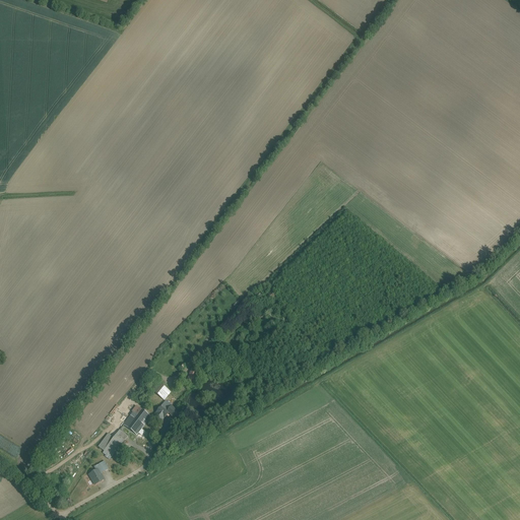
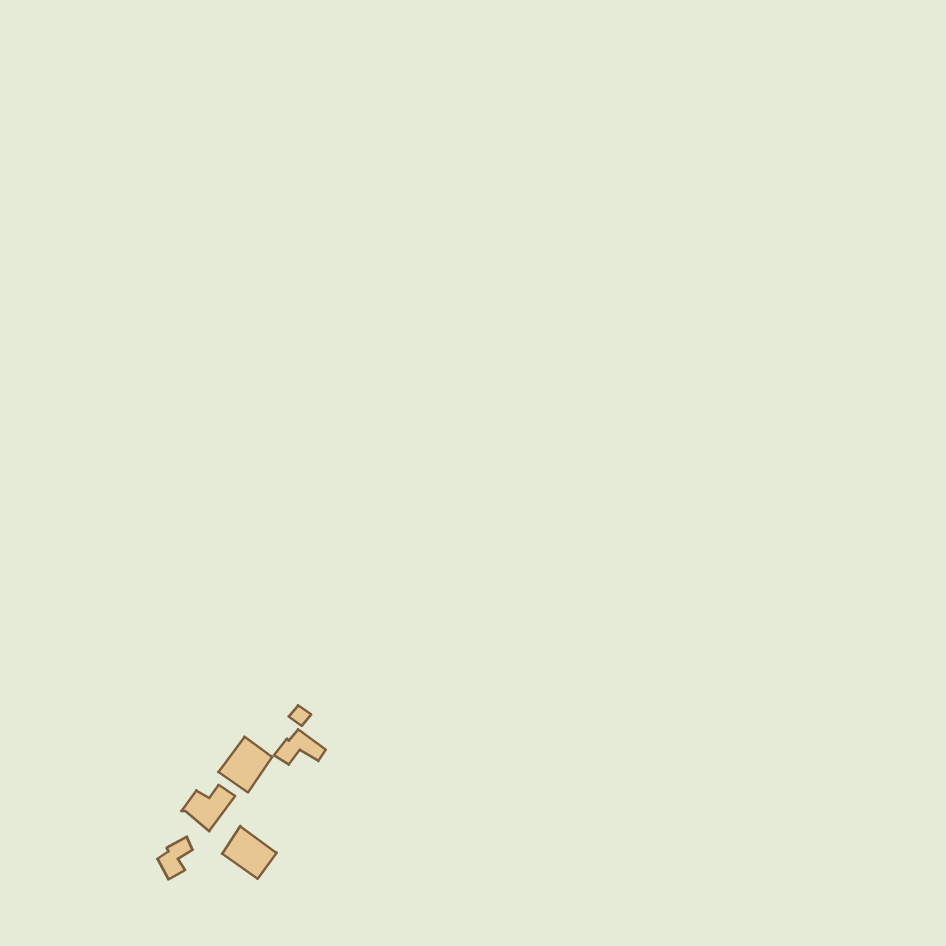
building: none -> [222,826,277,879]

